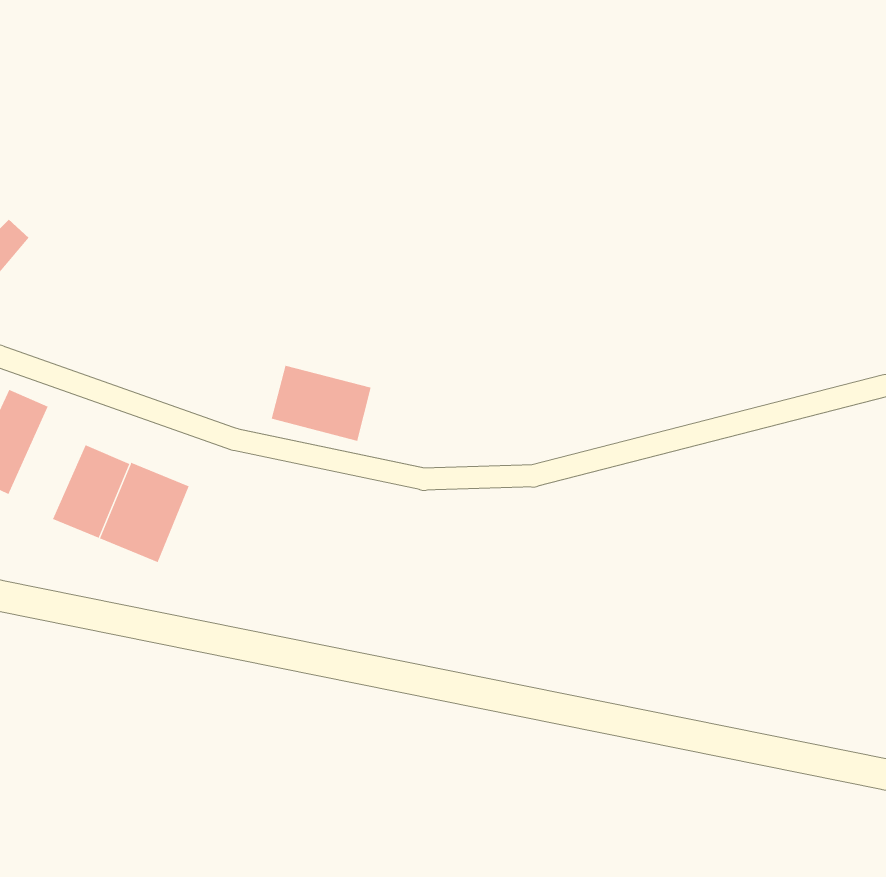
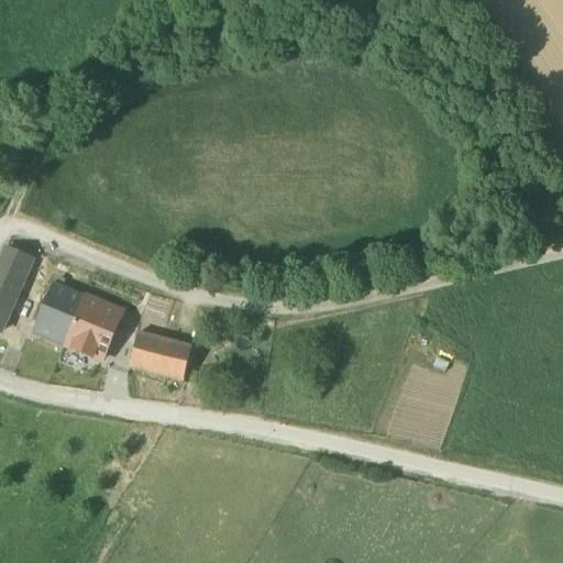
building: [271,365,372,441] -> [129,331,192,379]

